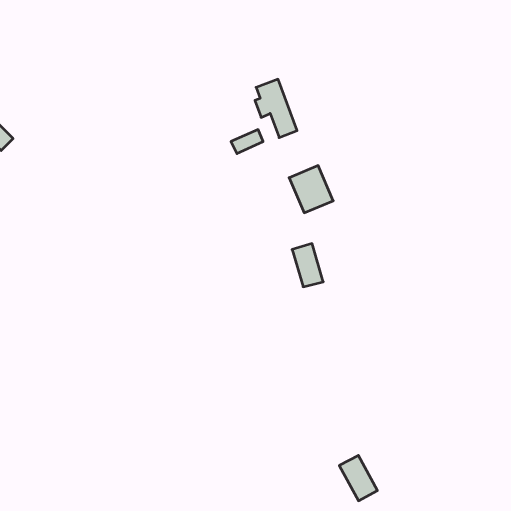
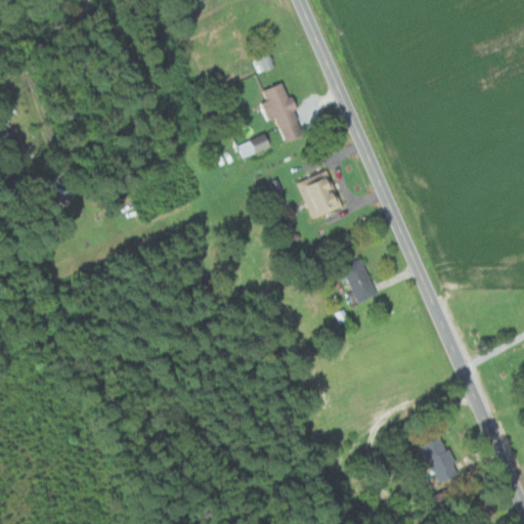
building: [292,244,323,287] -> [343,259,375,303]
building: [339,455,377,501] -> [421,438,460,484]

